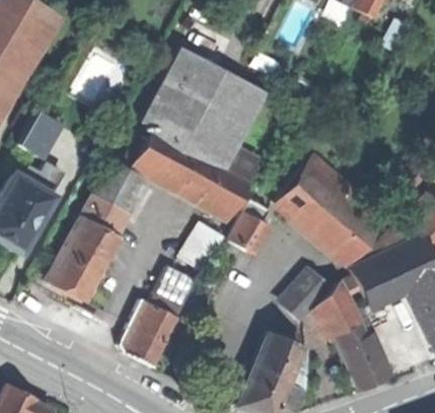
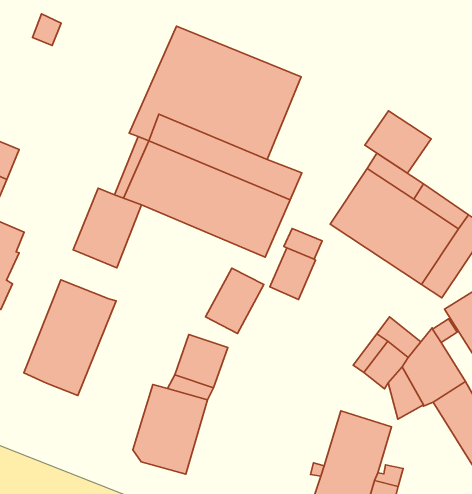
building: none -> [365,111,431,173]
building: [82,199,123,236] -> none

